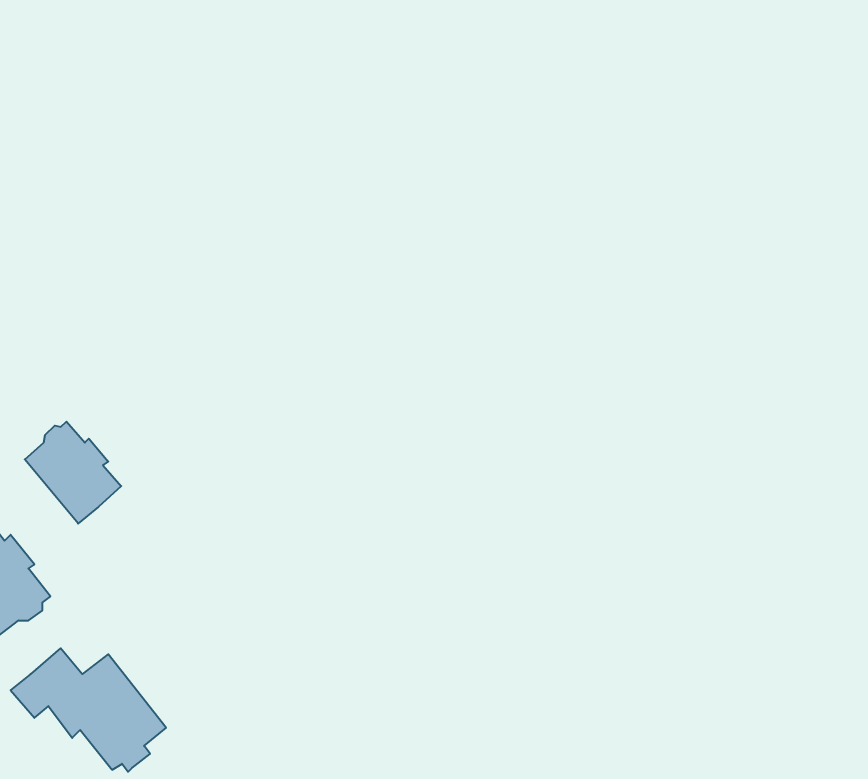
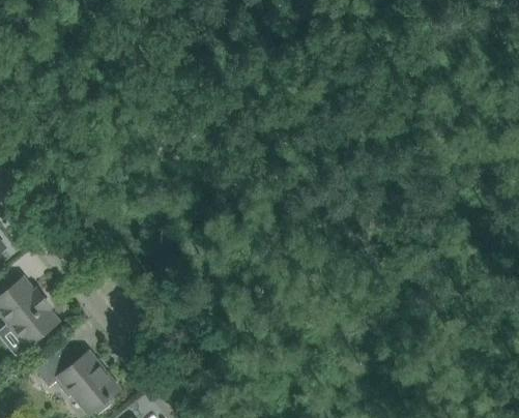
building: [25,422,121,524] -> none

